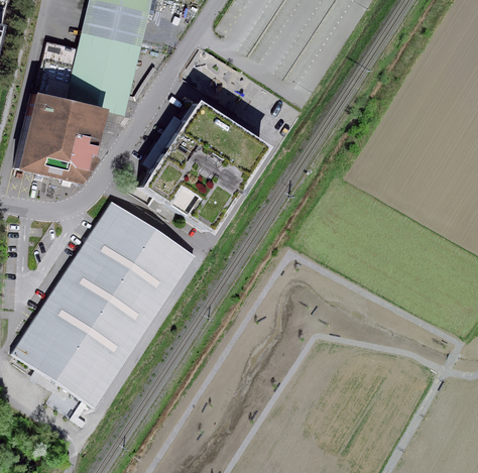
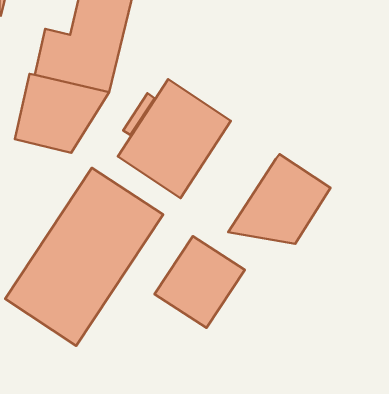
building: none -> [228,154,331,244]
building: none -> [155,236,245,328]

